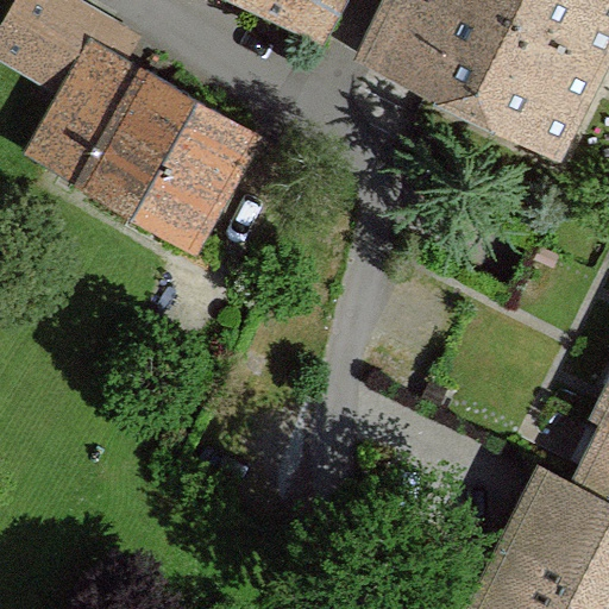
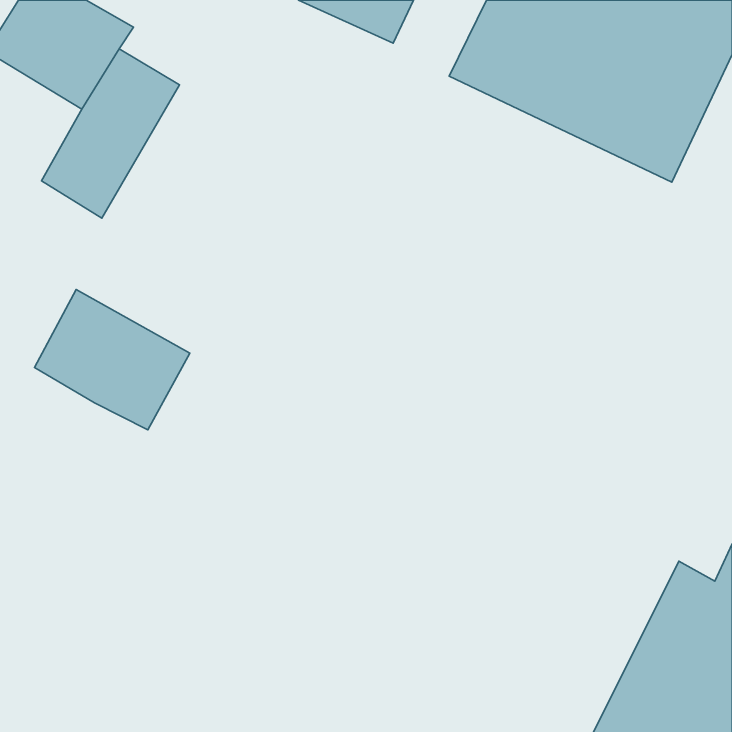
building: [84,71,245,238] -> none
building: none -> [35,290,190,430]

